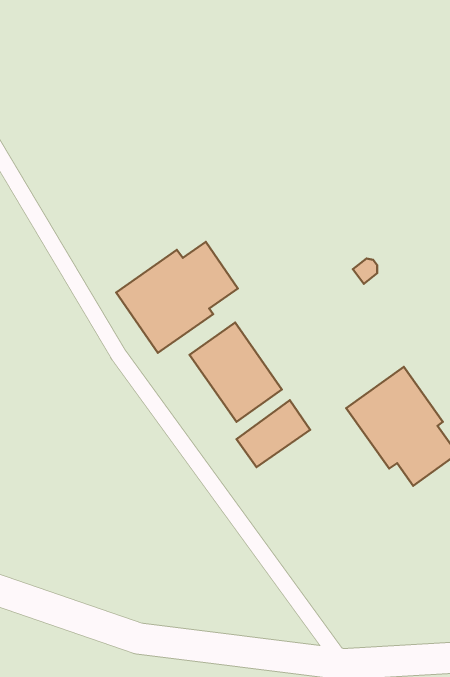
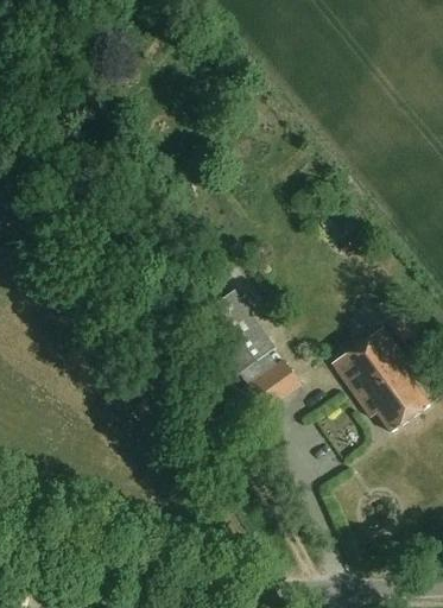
building: [116,242,238,353] -> none

